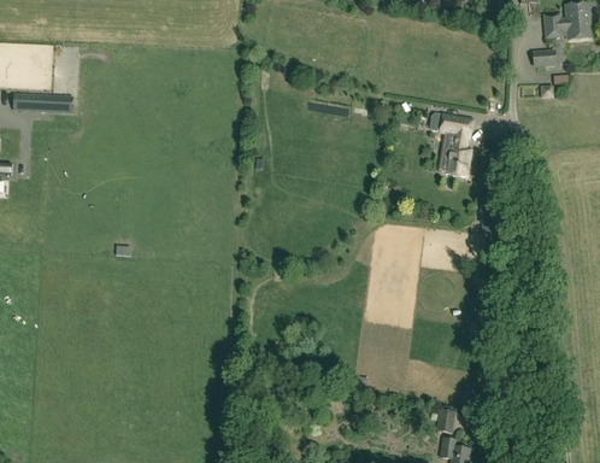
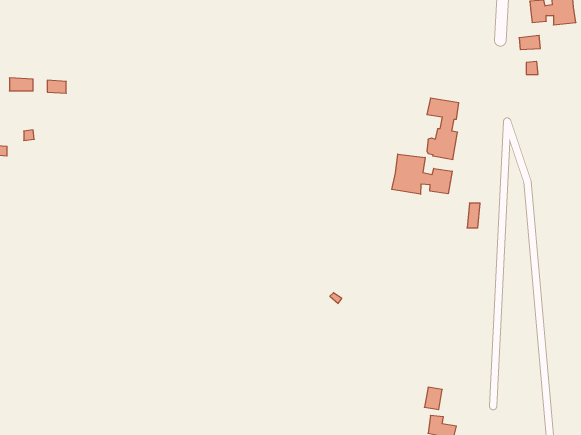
building: none -> [392,154,452,194]

